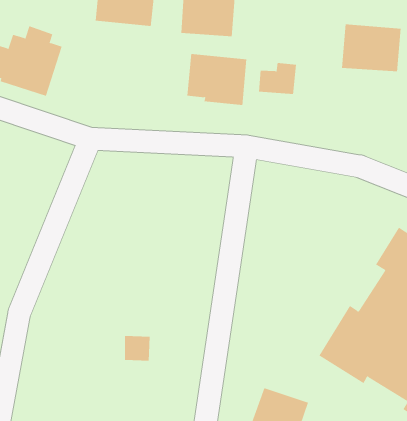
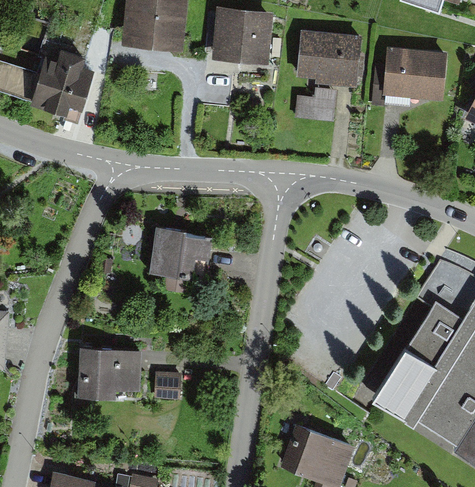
building: [187,53,247,105] -> [298,29,362,84]
building: none -> [146,228,207,276]
building: none -> [72,348,143,405]

